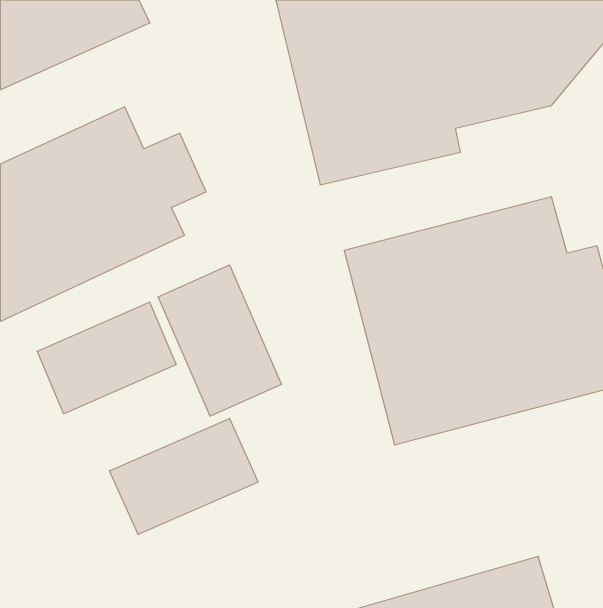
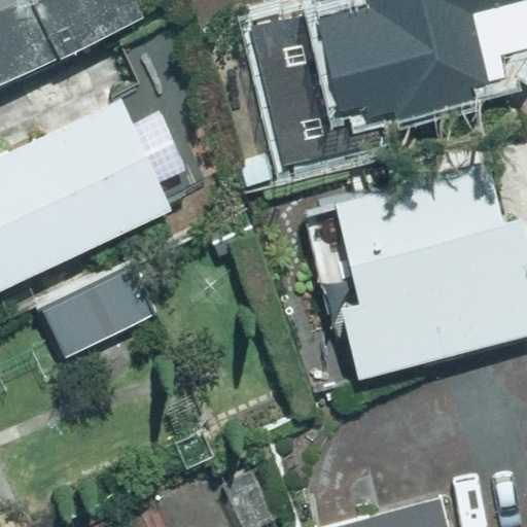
building: [158,265,281,416] -> none
building: [109,418,258,535] -> none

